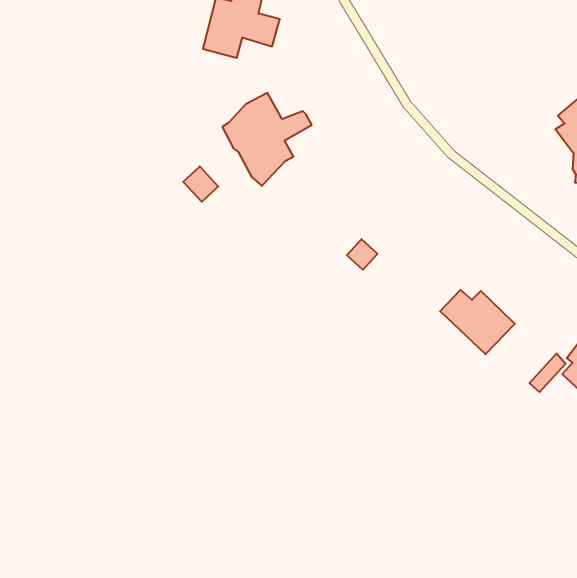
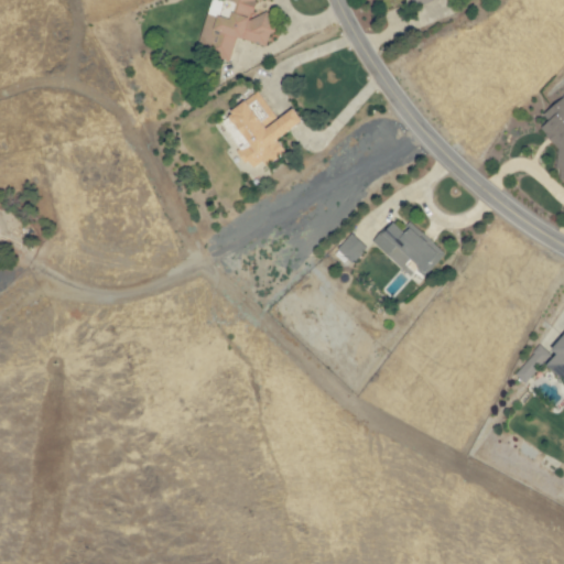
building: [183,166,218,202] -> none
building: [440,290,515,354] -> [375,220,447,283]

